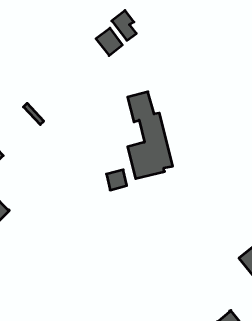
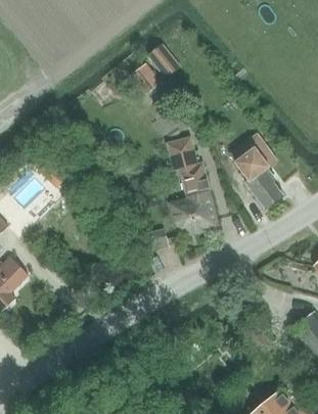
building: none -> [229,132,282,209]

